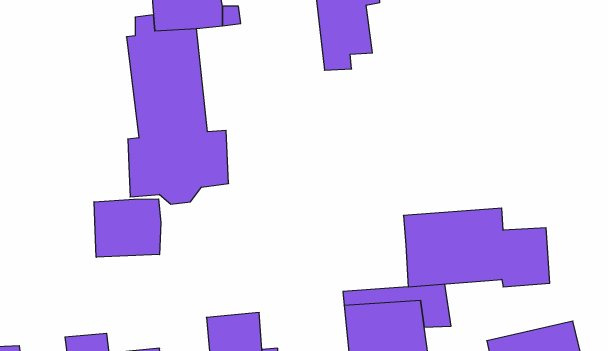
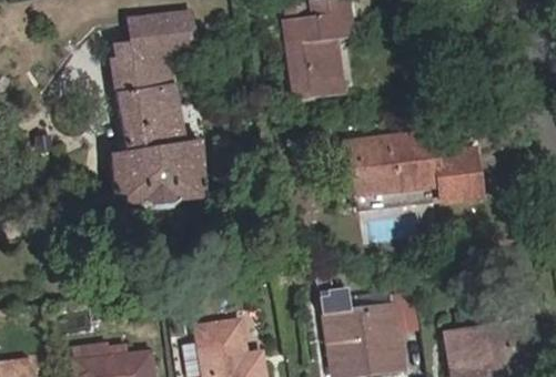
building: [94,199,161,257] -> none
building: [403,208,550,287] -> [353,132,485,203]

